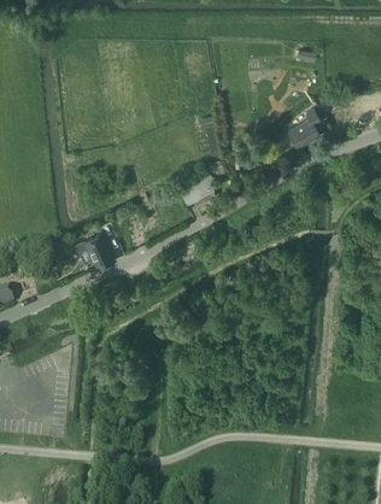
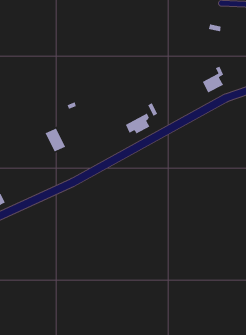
building: [83,234,113,269] -> [45,128,66,152]

